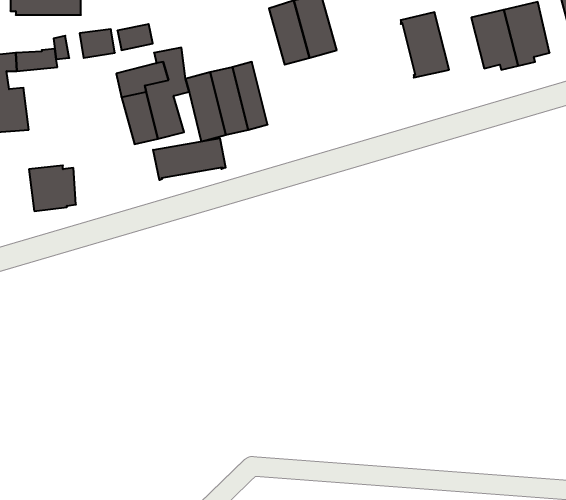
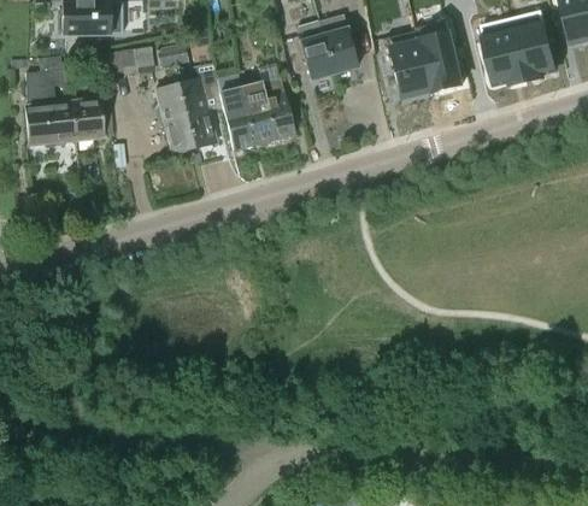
building: none -> [388,41,430,96]
building: [153,138,226,180] -> none
building: [29,165,76,211] -> [69,98,112,140]

